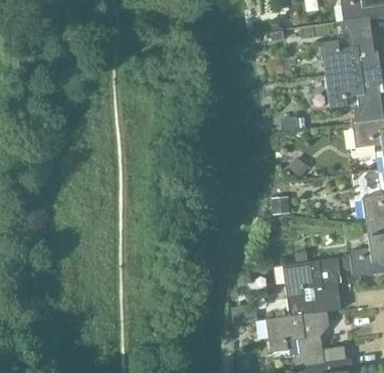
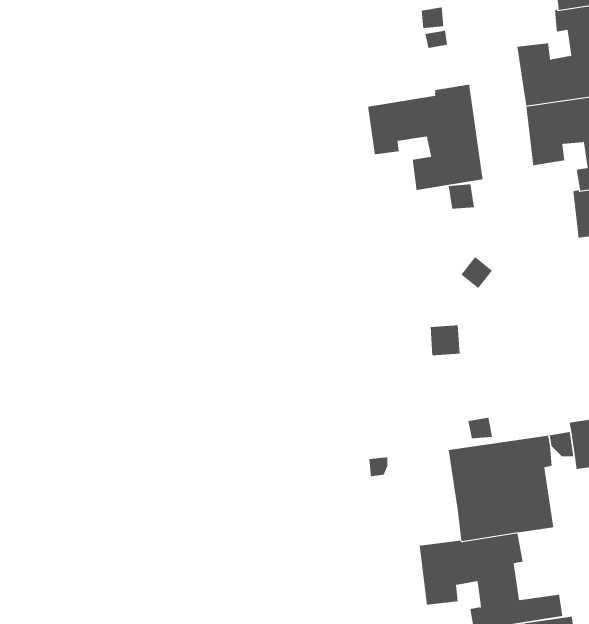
building: none -> [368,84,483,191]

